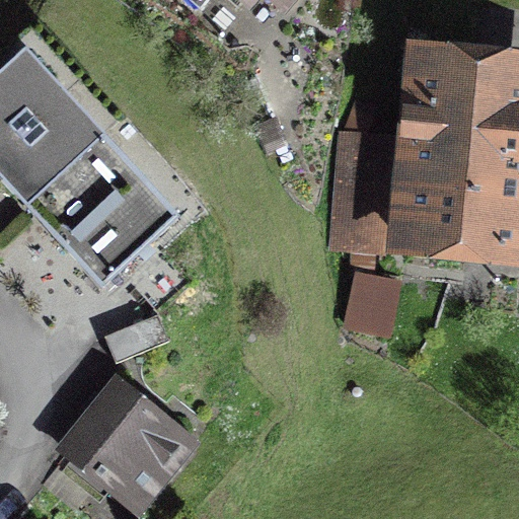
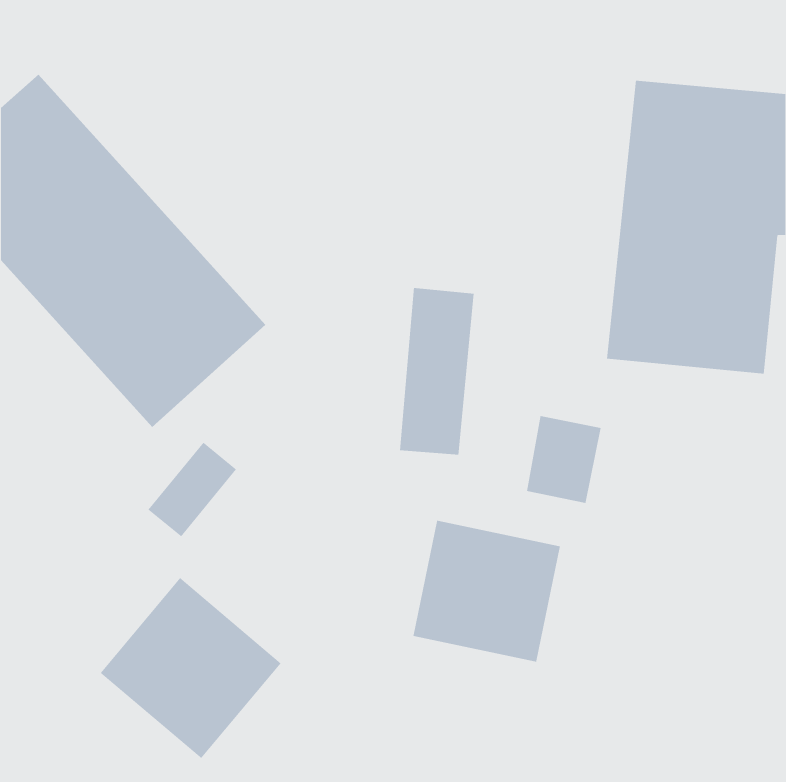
building: [335,138,384,248] -> [399,287,475,455]
building: none -> [413,520,560,662]

